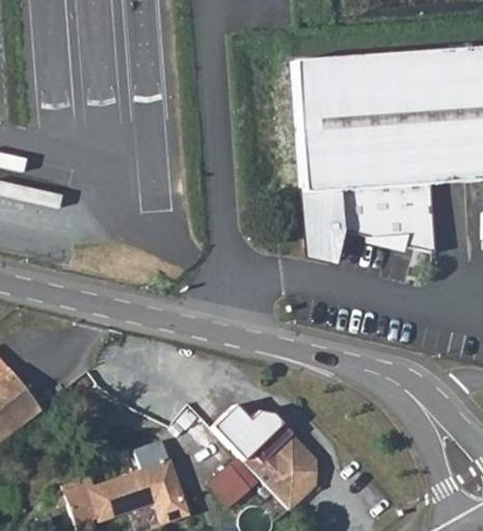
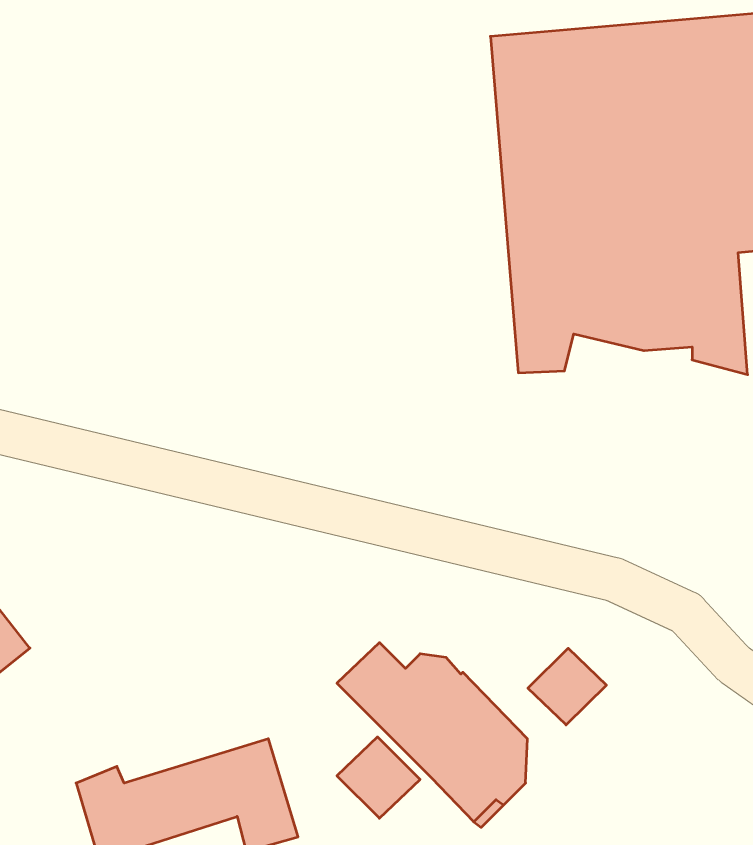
building: none -> [528,648,606,725]

